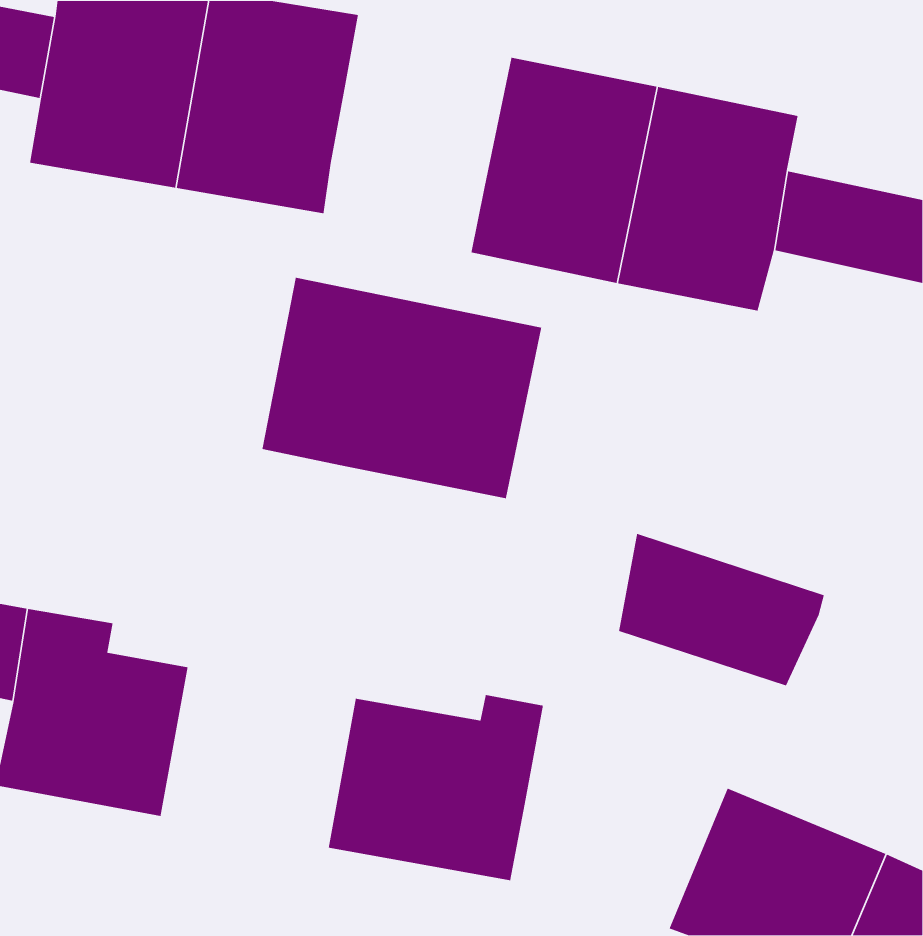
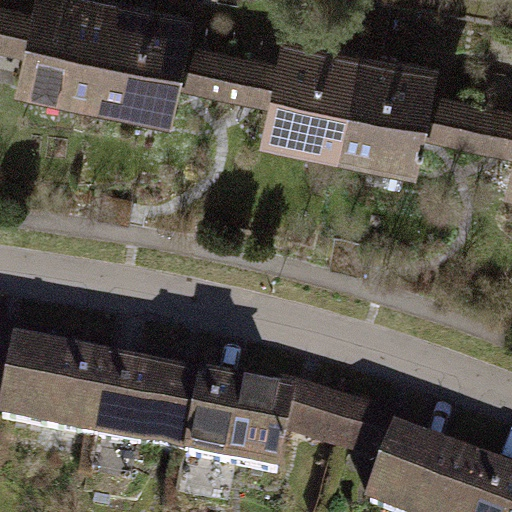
building: none -> [181,46,273,103]
building: [261,277,542,499] -> none
building: [618,533,825,687] -> [287,385,400,469]
building: none -> [88,360,197,463]

